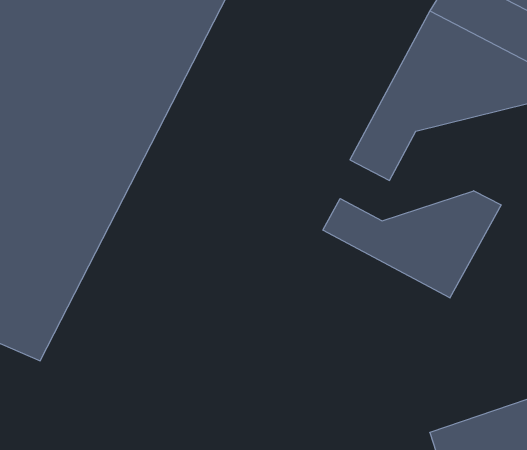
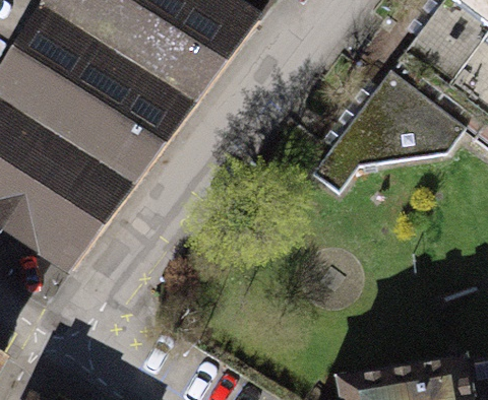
building: [323,191,501,298] -> none

